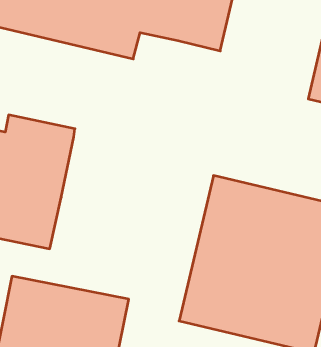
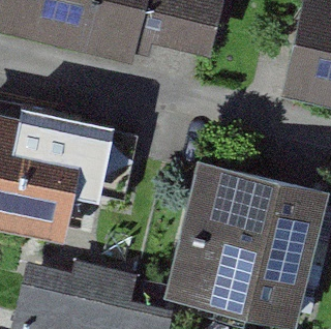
building: none -> [66,129,136,197]

